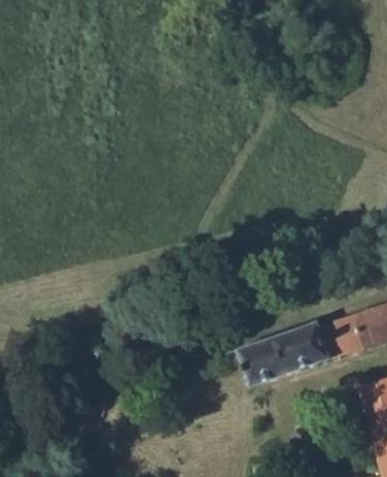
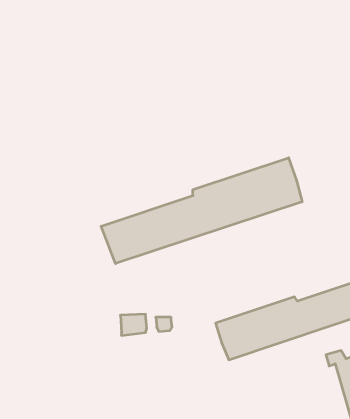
building: none -> [101,158,302,264]

